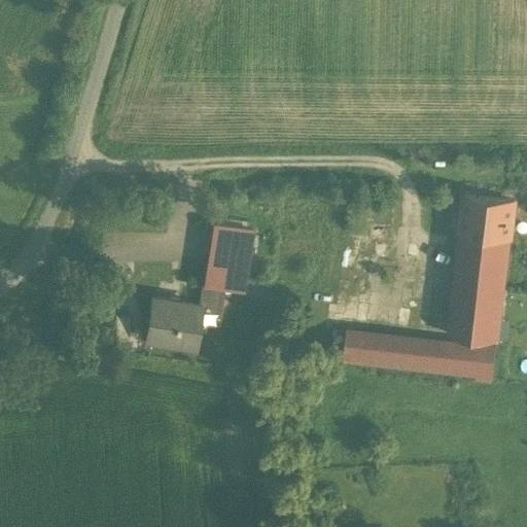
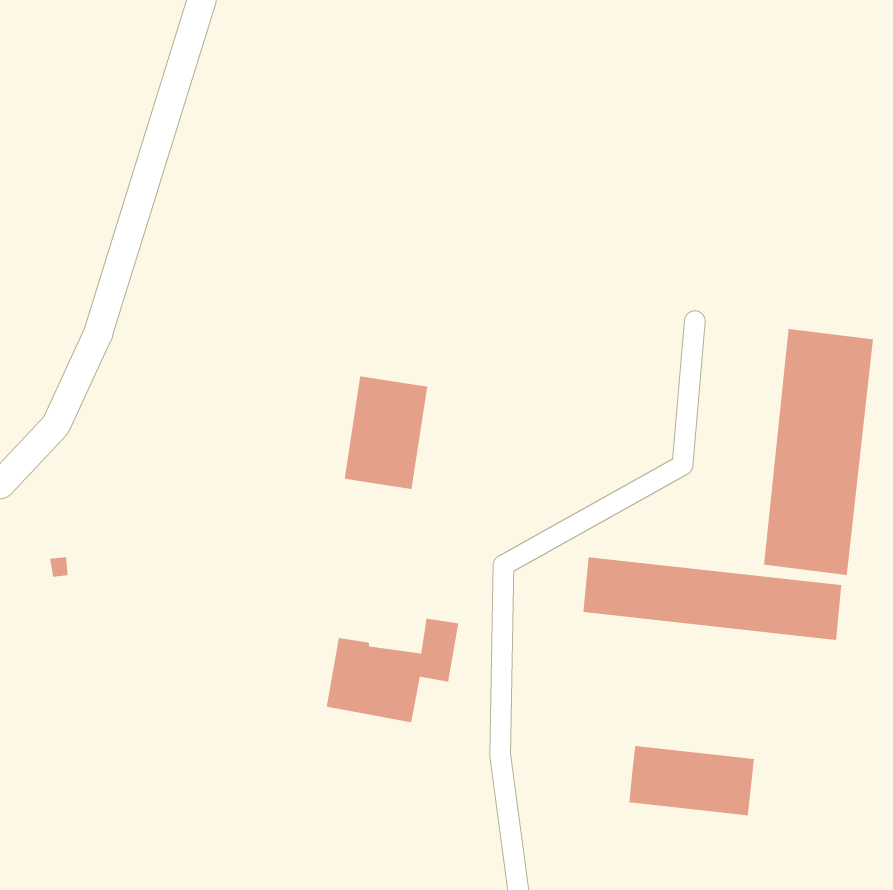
building: [145,285,223,347] -> [326,618,459,723]
building: none -> [628,745,755,816]

